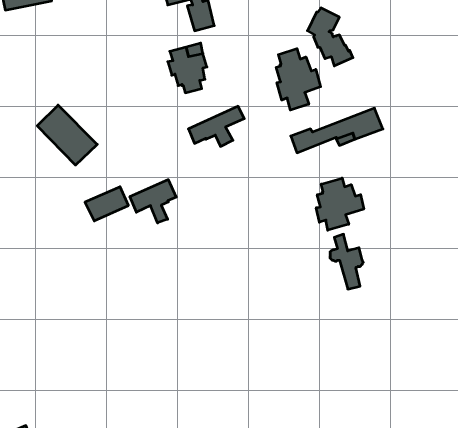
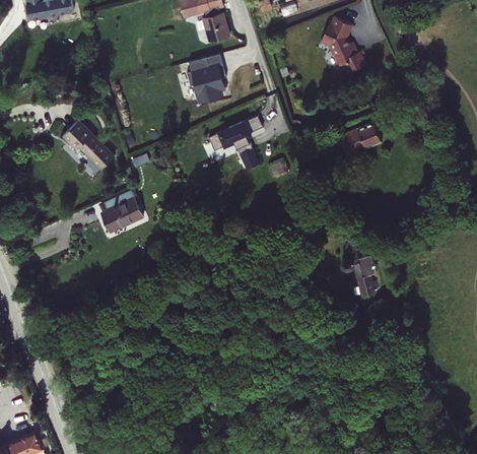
building: [276,49,321,110] -> none
building: [316,178,364,230] -> none
building: [130,180,176,223] -> none

